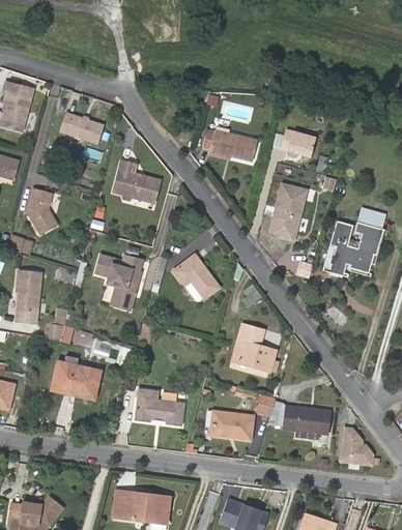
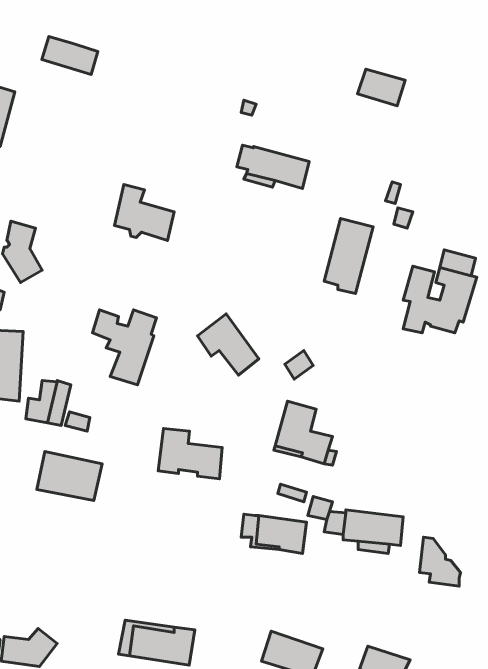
building: [56,112,98,141] -> [42,36,98,75]
building: [281,129,317,157] -> [358,69,405,106]
building: [136,386,184,424] -> [158,429,222,479]

